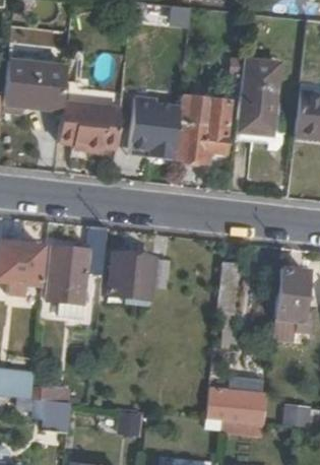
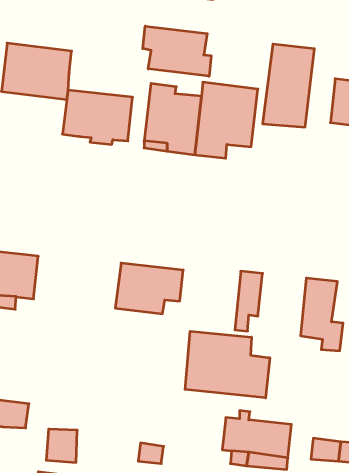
building: none -> [143,26,211,76]
building: [45,226,107,301] -> none
building: none -> [185,331,270,398]

